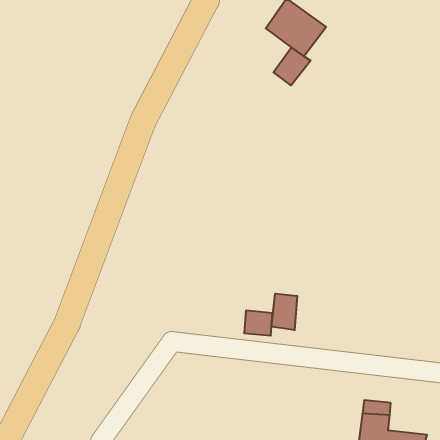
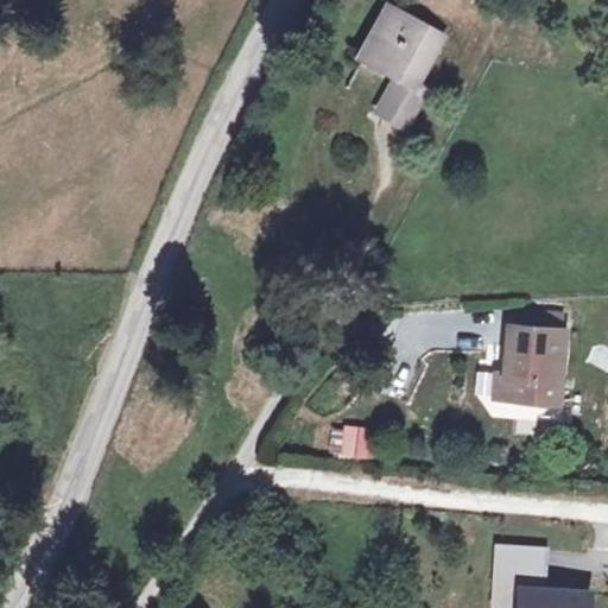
building: none -> [502,332,556,401]
building: [272,294,297,330] -> none

